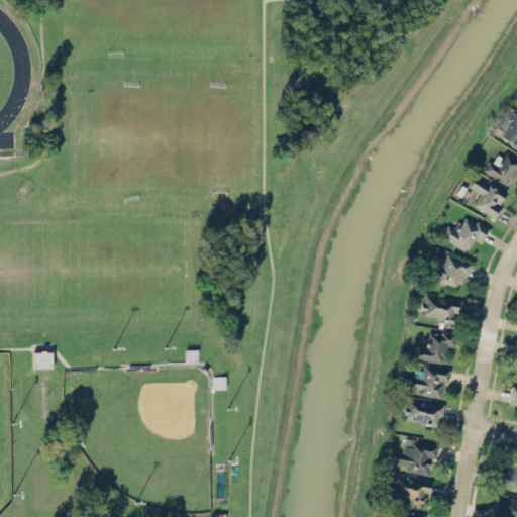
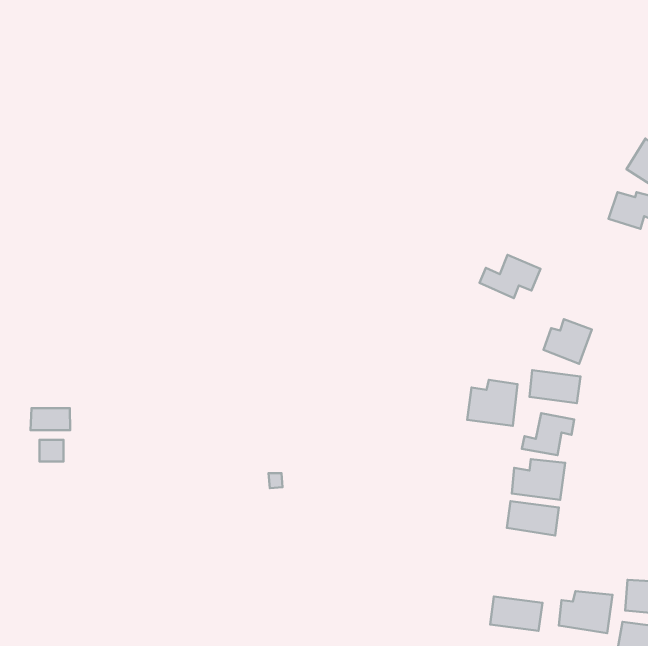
building: [470,176,510,220] -> none
building: [441,217,490,251] -> [479,255,541,298]
building: none -> [467,380,518,426]
building: none -> [31,408,70,430]
building: [396,442,438,476] -> [559,591,612,633]

